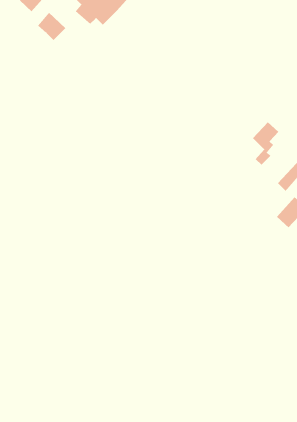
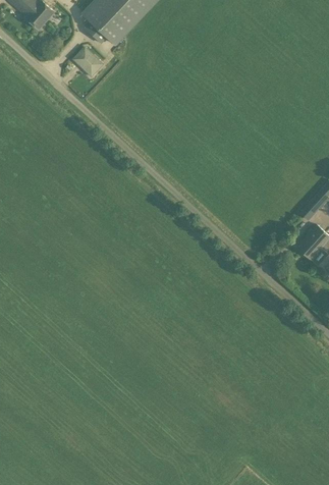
building: [37,12,66,41] -> [71,45,102,75]
building: [252,122,279,165] -> none

